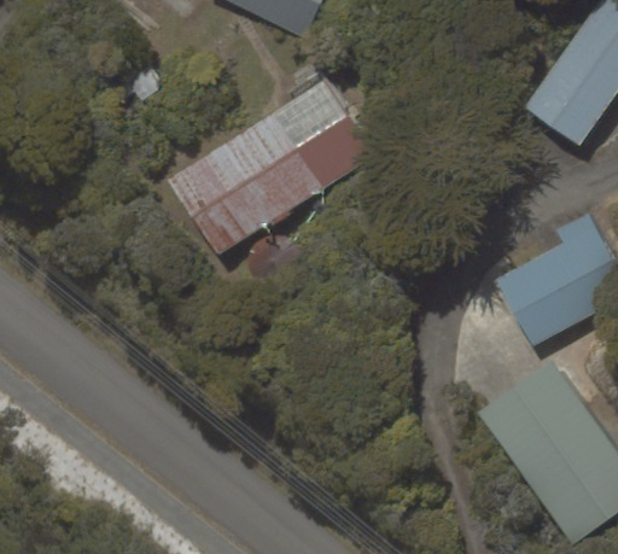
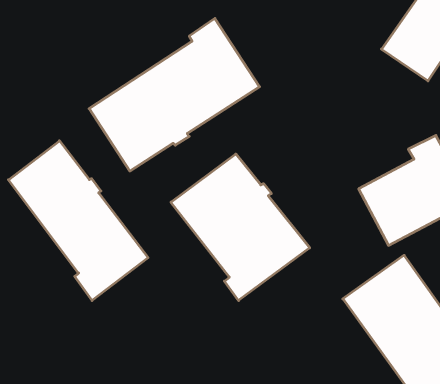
building: none -> [8,141,148,301]
building: none -> [171,154,310,301]

